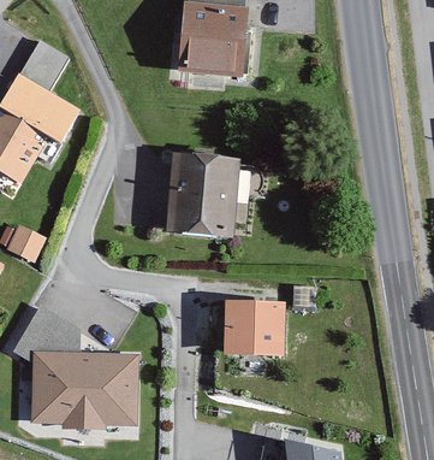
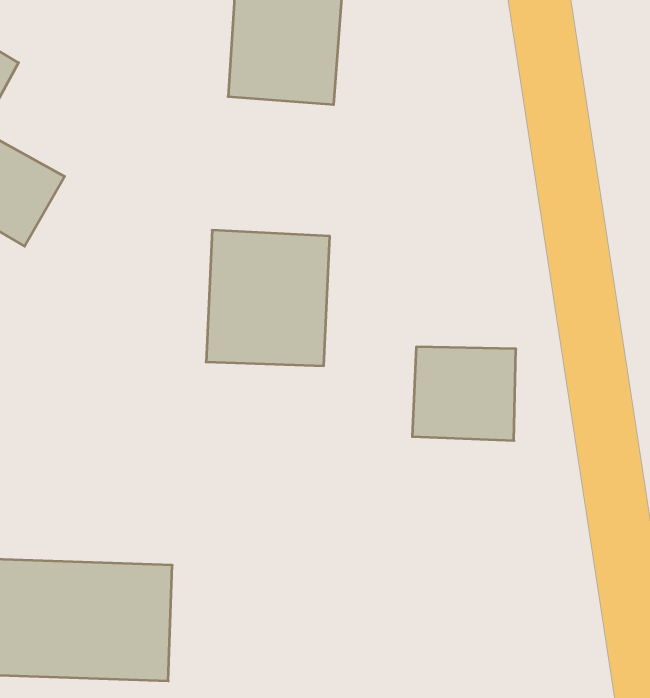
building: [228,301,291,358] -> [412,347,516,441]

